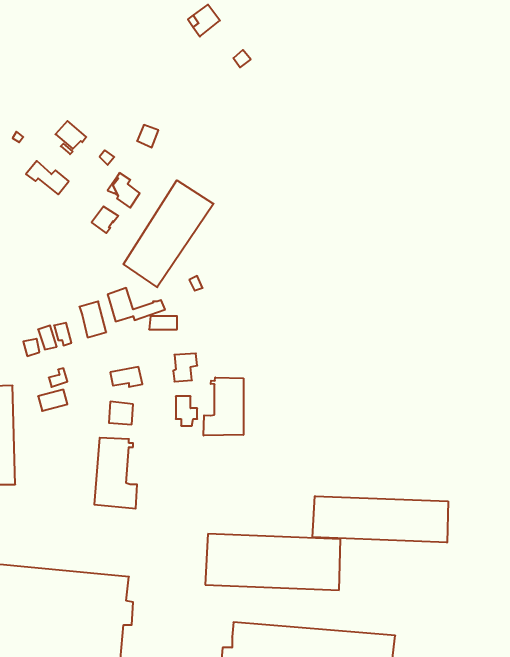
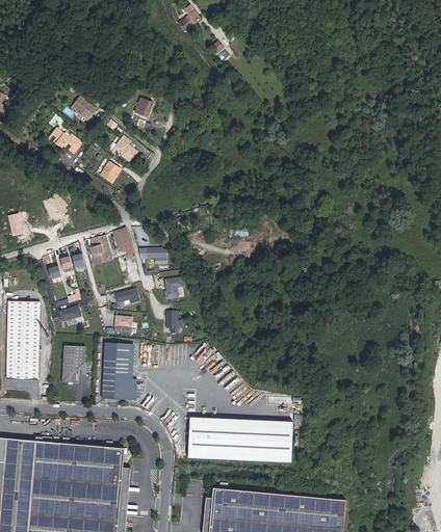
building: [123,180,214,287] -> none
building: [204,377,243,436] -> none
building: none -> [61,345,85,383]
building: [313,496,448,543] -> none

